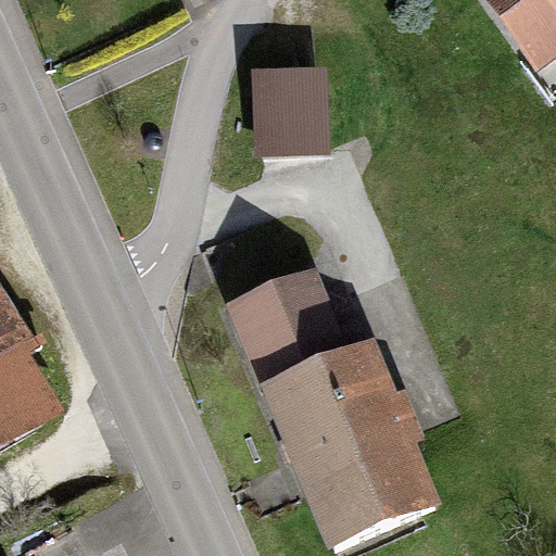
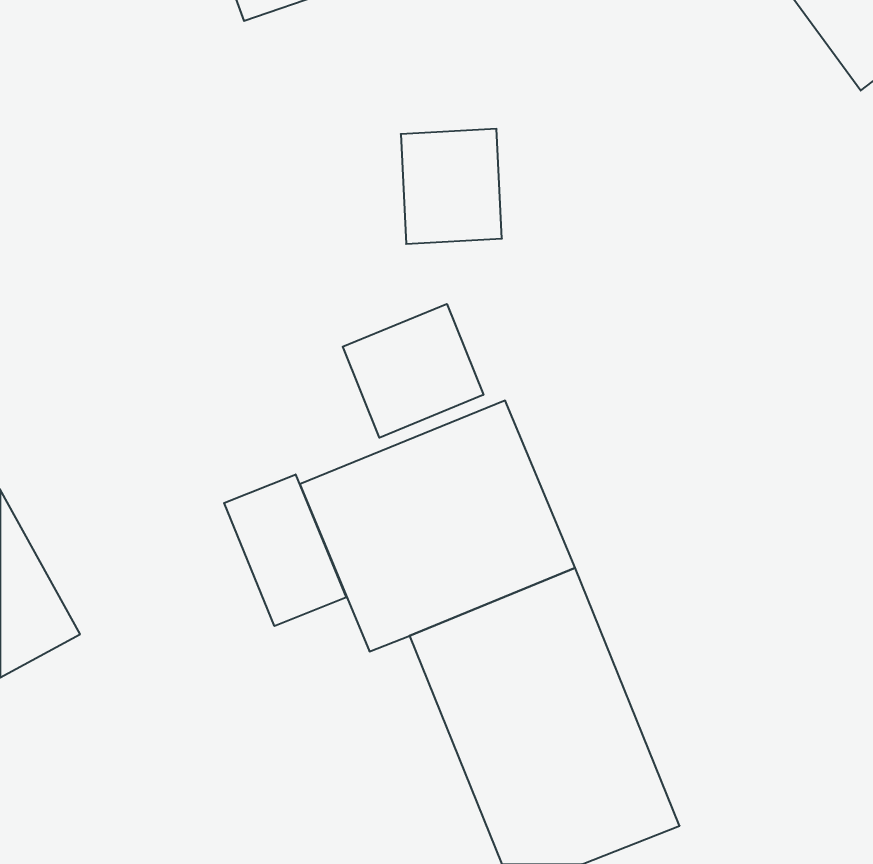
building: none -> [343,304,483,438]
building: none -> [224,474,346,626]

